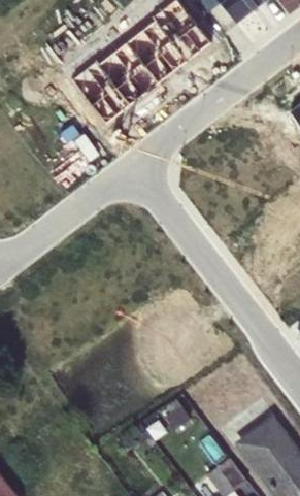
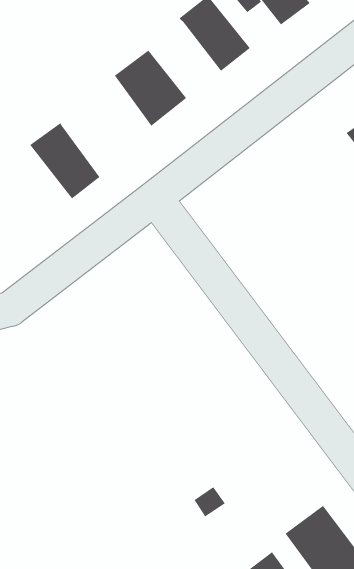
building: [127,20,187,82] -> none
building: [70,61,129,125] -> [29,122,100,200]

